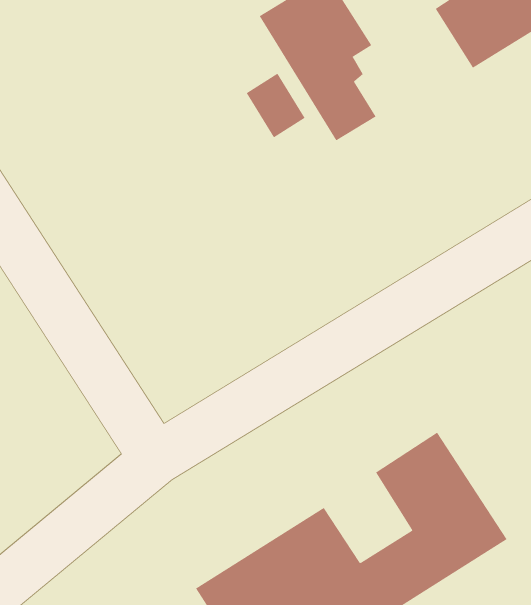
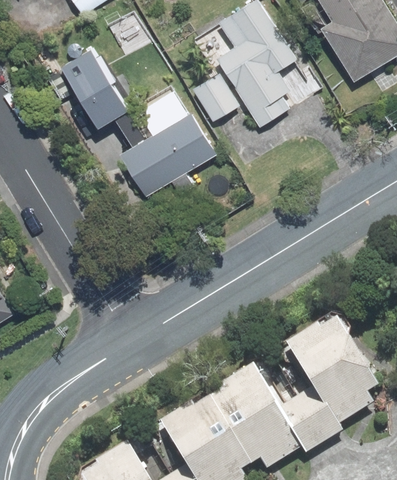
building: none -> [67,42,135,123]
building: none -> [126,118,211,191]

